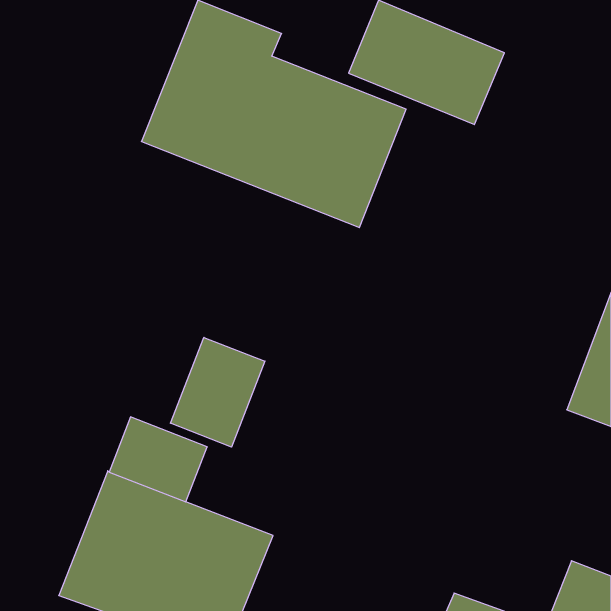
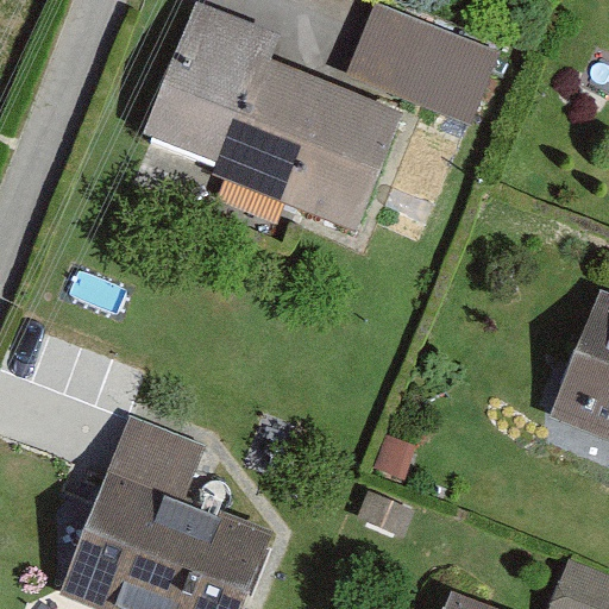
building: [170,337,265,447] -> none

